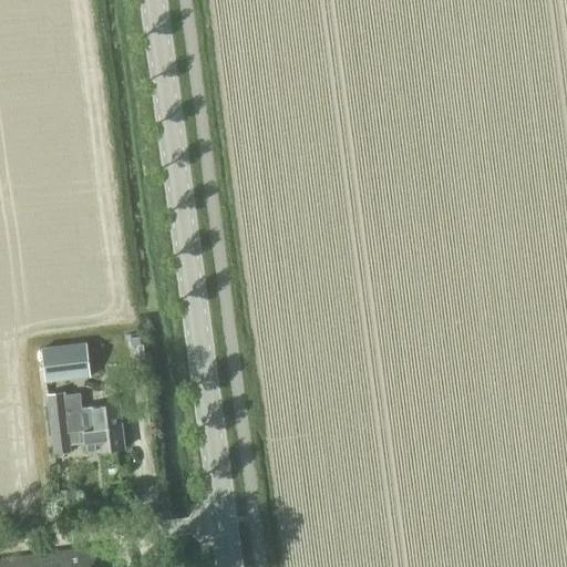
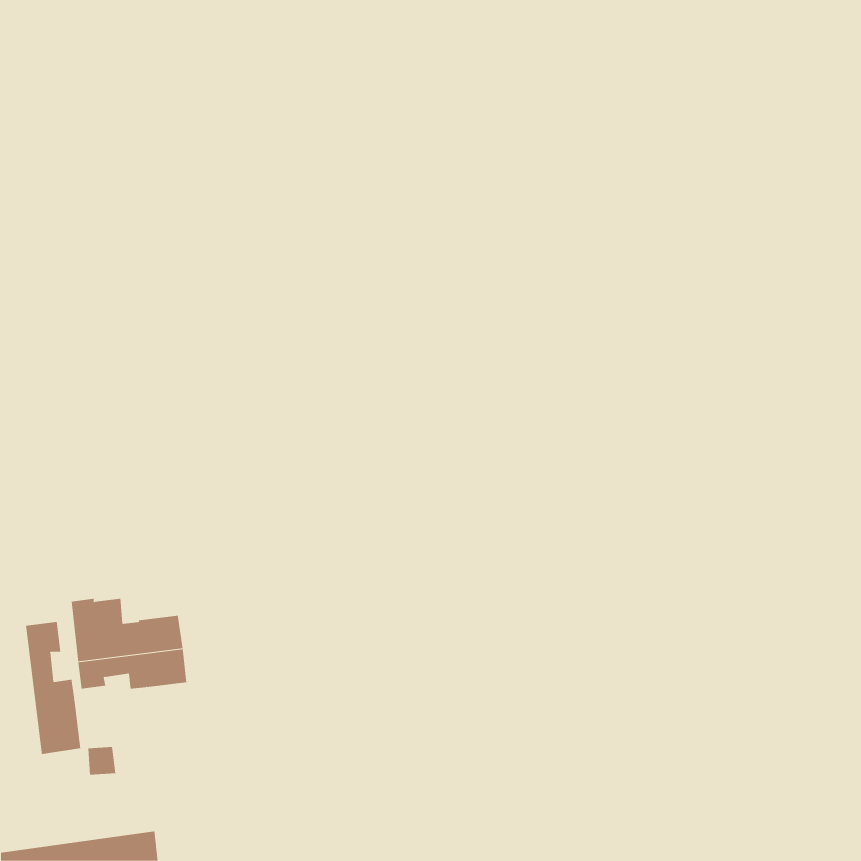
building: [41,343,90,381] -> none
building: none -> [25,621,81,755]

